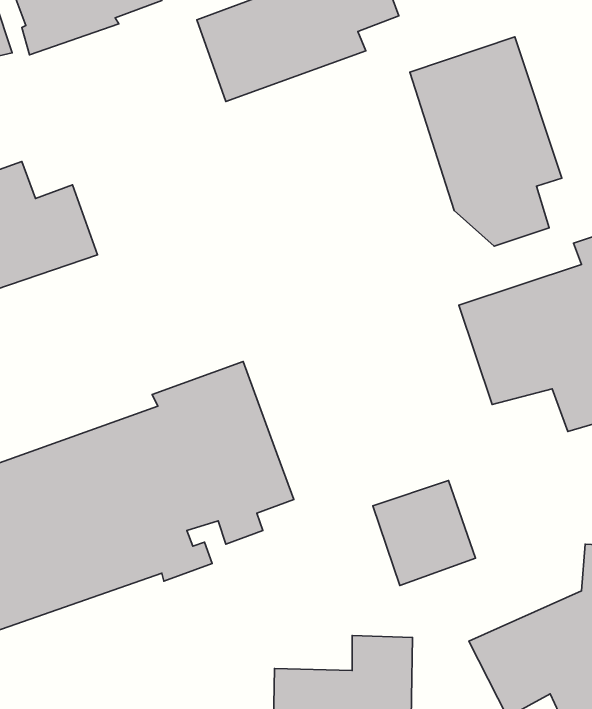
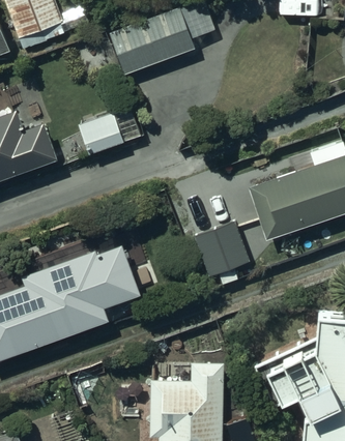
building: [410,37,562,246] -> none
building: none -> [77,110,141,155]
building: [373,481,476,585] -> [195,220,250,276]

